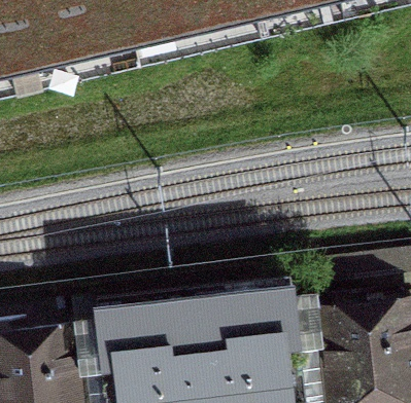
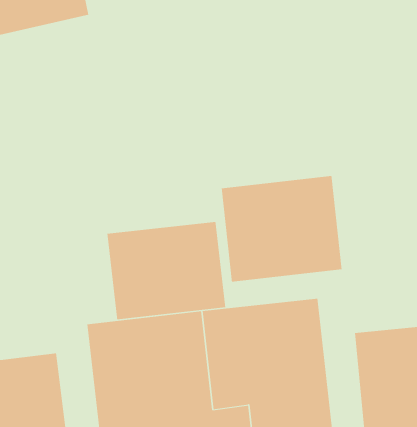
building: none -> [221,175,342,282]
building: none -> [107,221,226,320]

